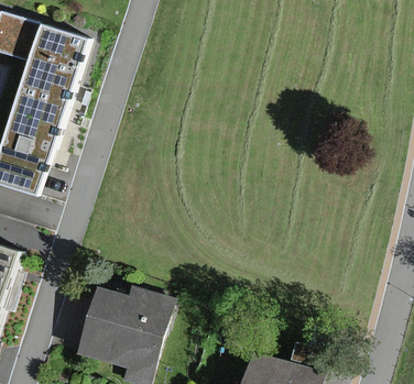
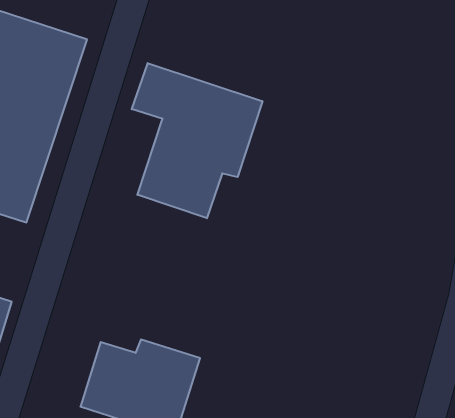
building: none -> [132,63,262,218]

